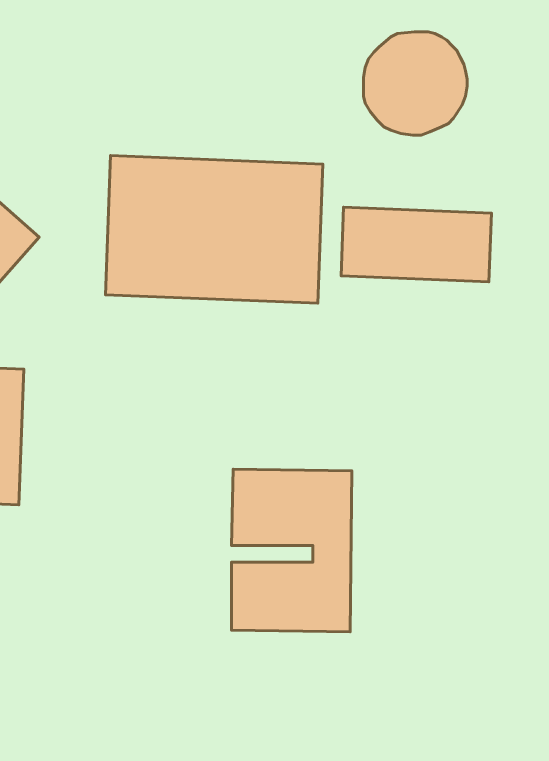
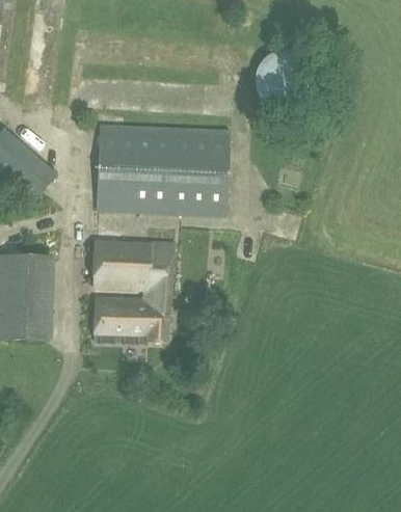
building: [341,207,491,282] -> none
building: [231,469,352,632] -> [95,241,168,341]

